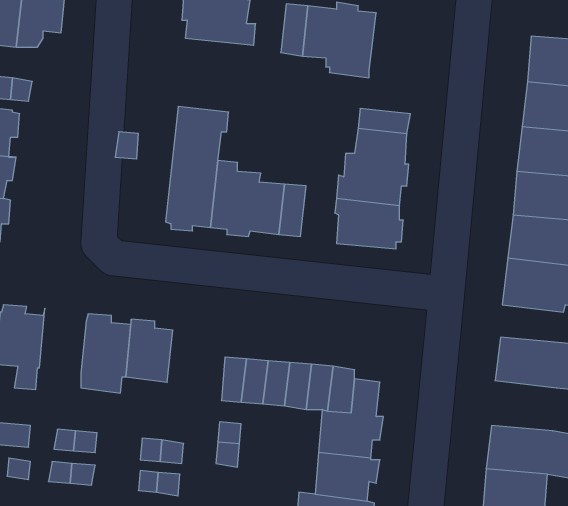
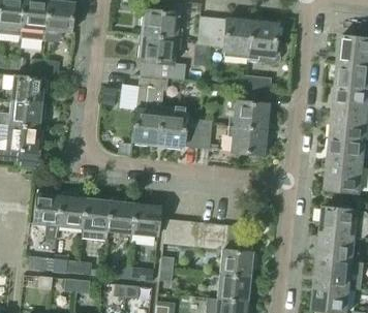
building: none -> [248,20,280,64]
building: none -> [137,36,185,80]
building: none -> [59,191,86,228]
building: none -> [132,199,160,236]
building: none -> [318,232,356,261]

